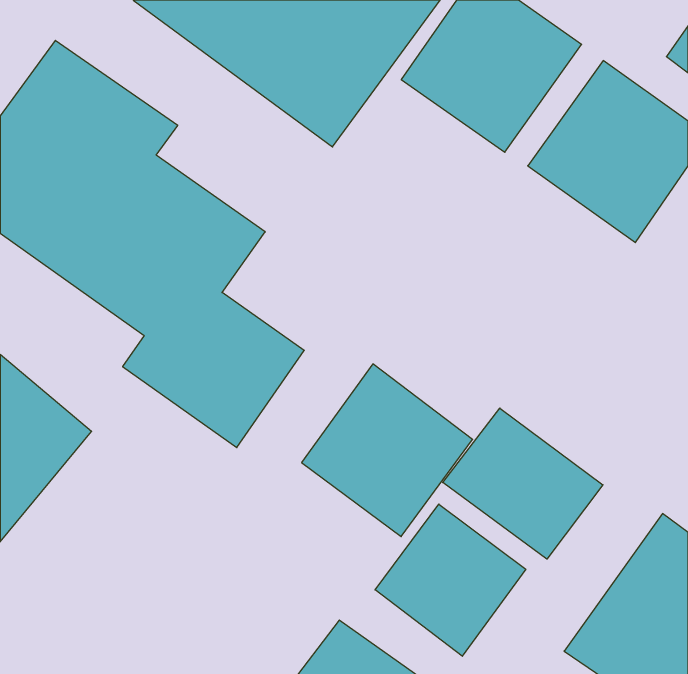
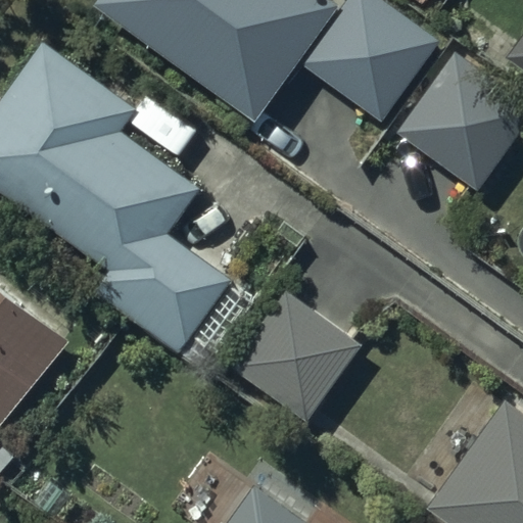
building: [443,408,603,559] -> none
building: [375,504,526,656] -> none

